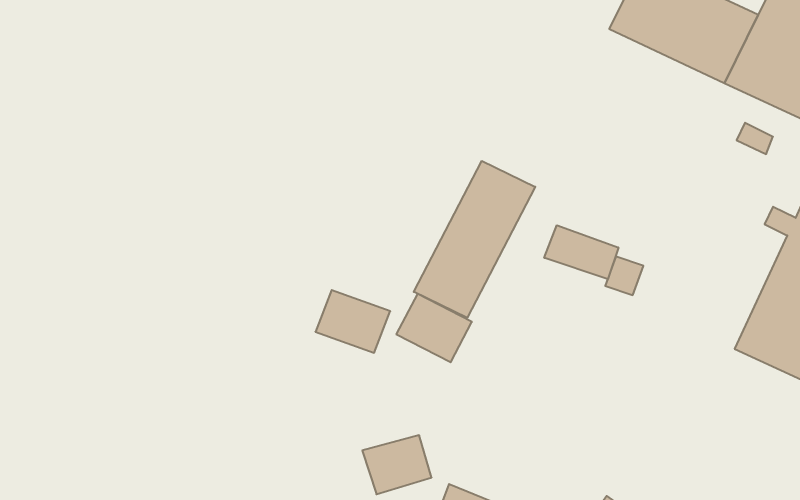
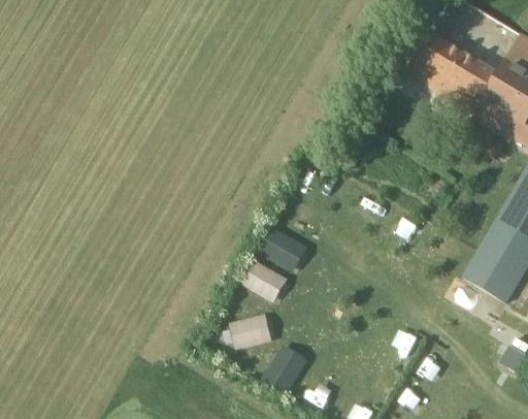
building: [414,161,535,318] -> none
building: [544,225,618,279] -> none
building: [315,290,390,353] -> [239,259,287,300]

